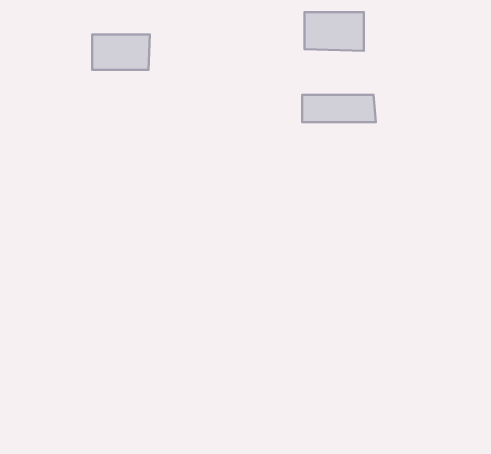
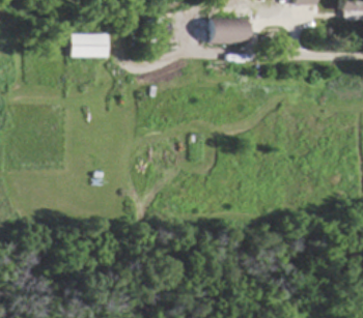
building: [302,95,376,122] -> none

